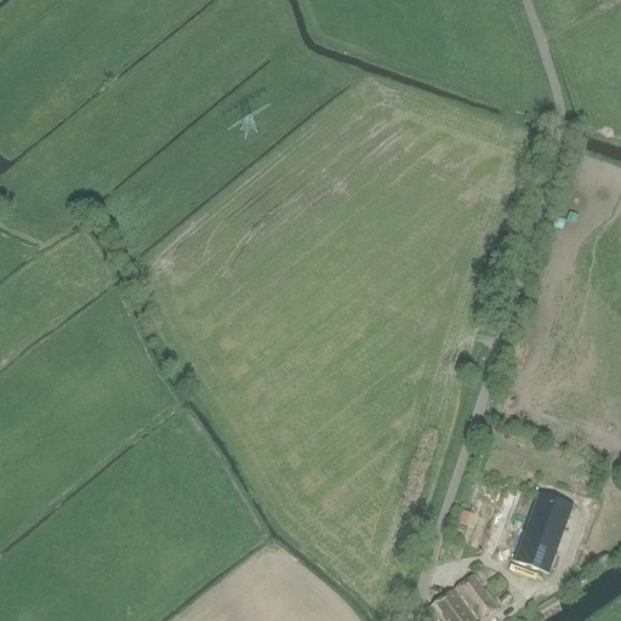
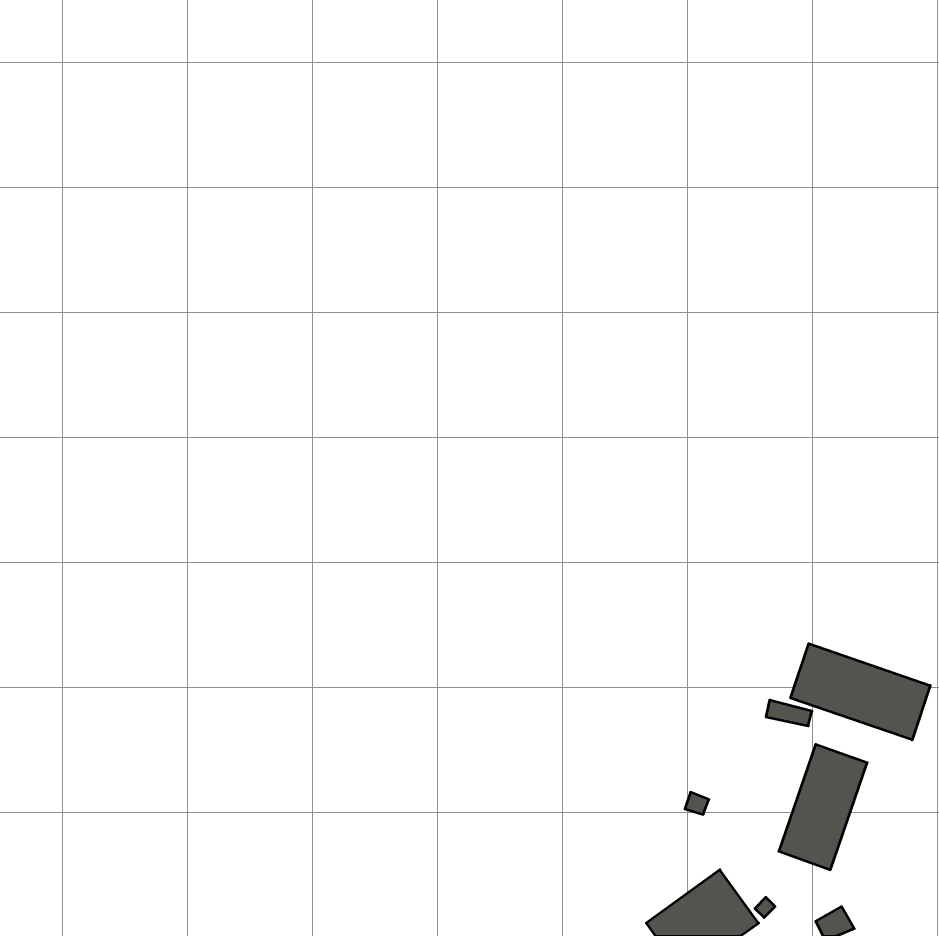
building: none -> [791,644,930,740]

